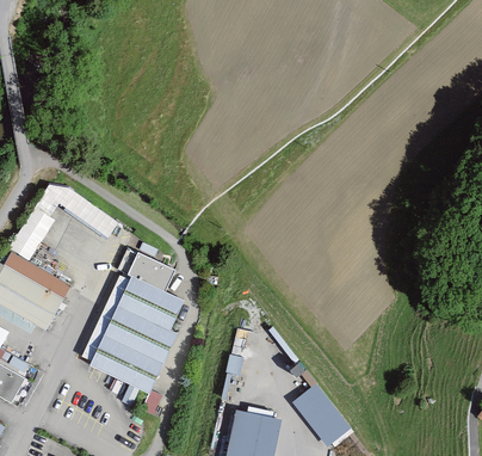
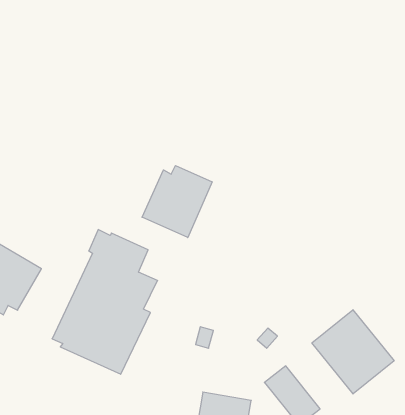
building: none -> [142,166,212,238]
building: none -> [312,310,394,394]

